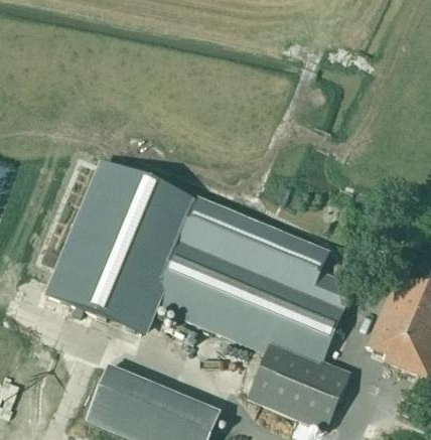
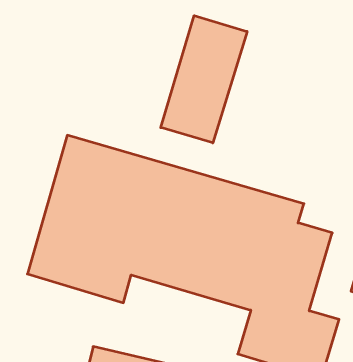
building: none -> [161,16,247,143]

